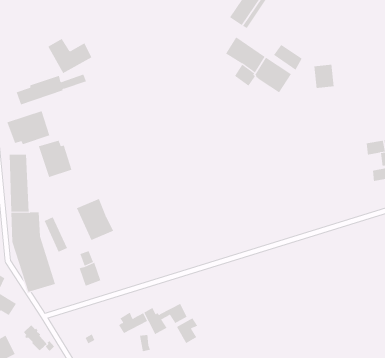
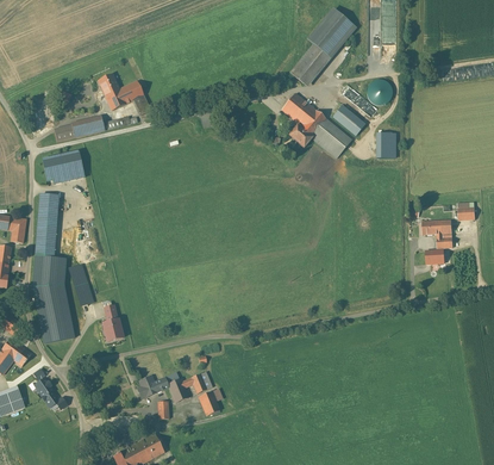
building: none -> [367,80,392,105]
building: [38,140,72,178] -> none
building: [76,198,114,241] -> none

